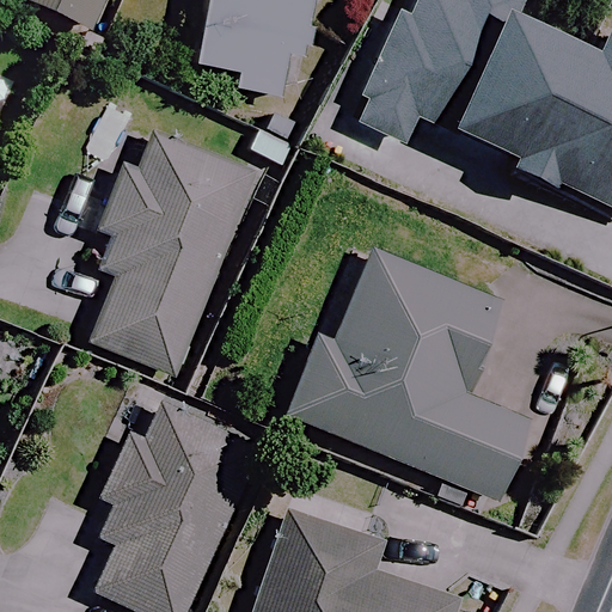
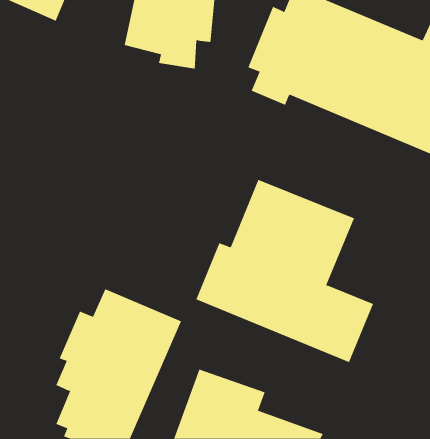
building: [90,128,256,372] -> none

